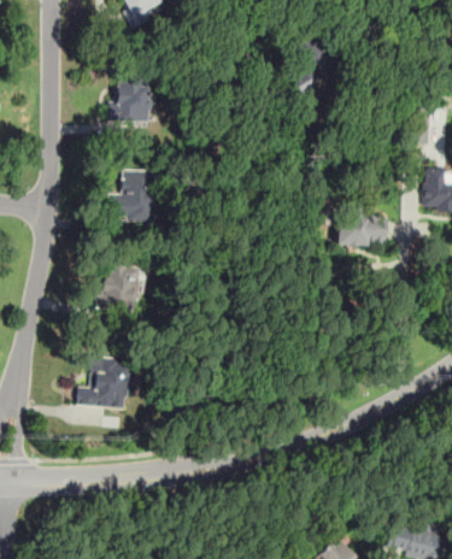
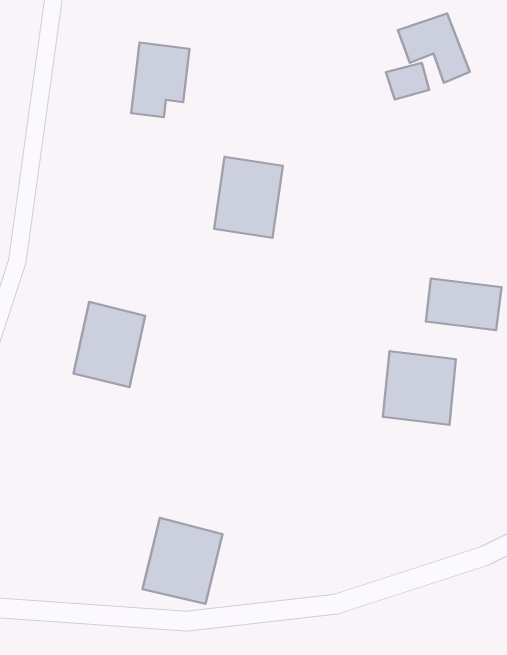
building: [116,171,158,223] -> [214,157,283,238]
building: none -> [383,351,456,425]
building: [84,357,135,412] -> [143,518,223,604]

